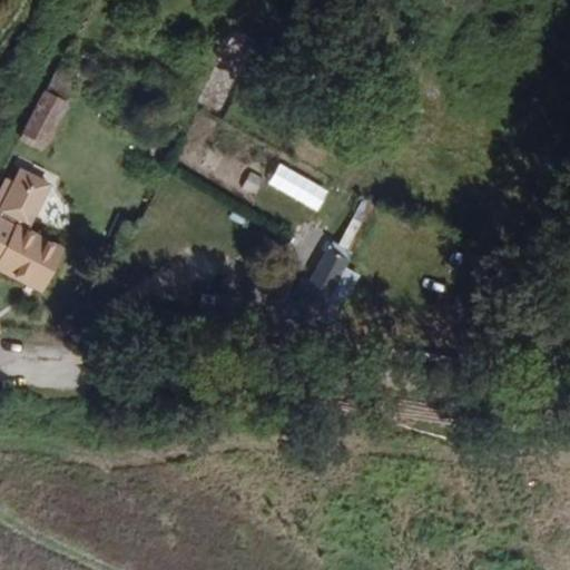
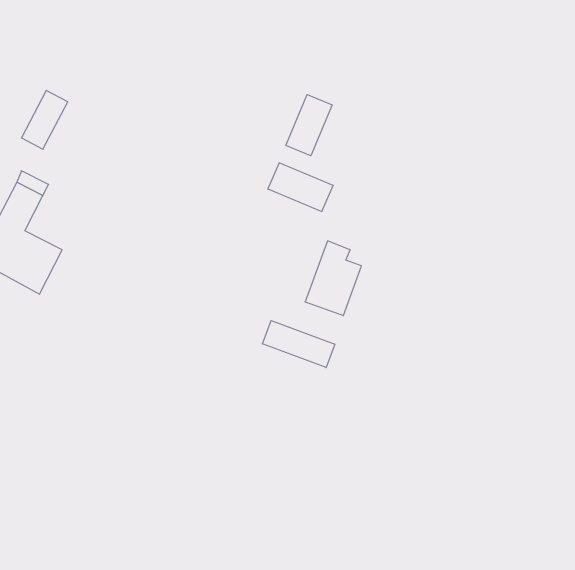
building: none -> [286,95,332,156]
building: none -> [262,321,335,368]

